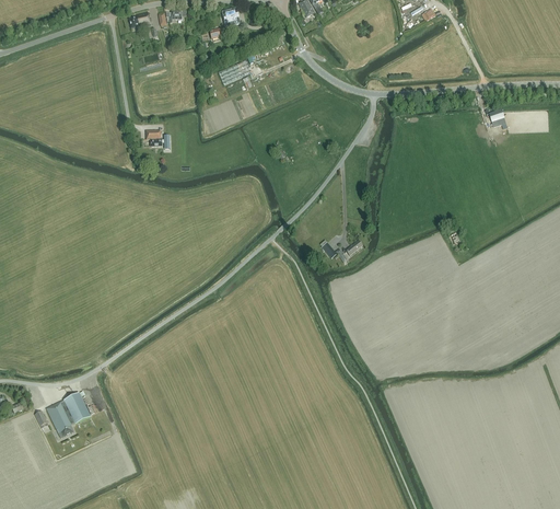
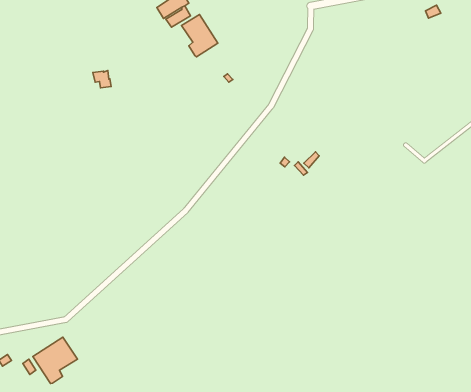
building: none -> [182,15,218,57]

